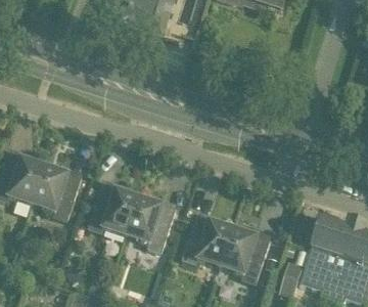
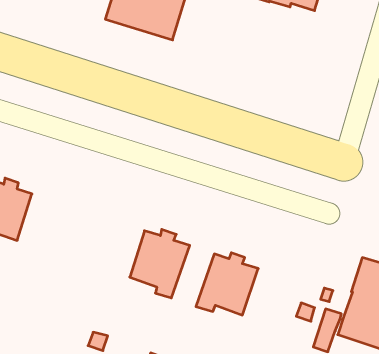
building: [32,165,81,222] -> none
building: [87,184,138,235] -> none
building: [220,227,270,284] -> none

